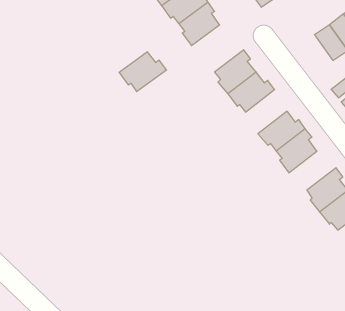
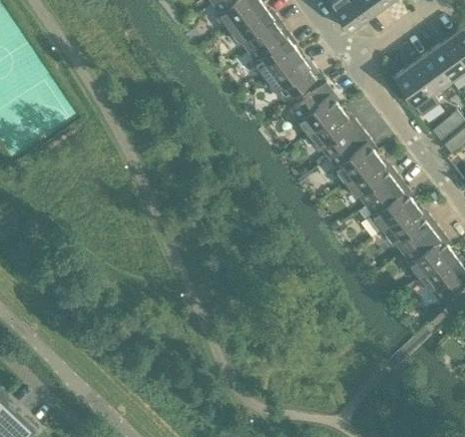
building: none -> [393,65,439,117]
building: [119,52,167,92] -> [263,53,320,101]
building: none -> [328,131,378,184]
building: none -> [380,205,437,253]

